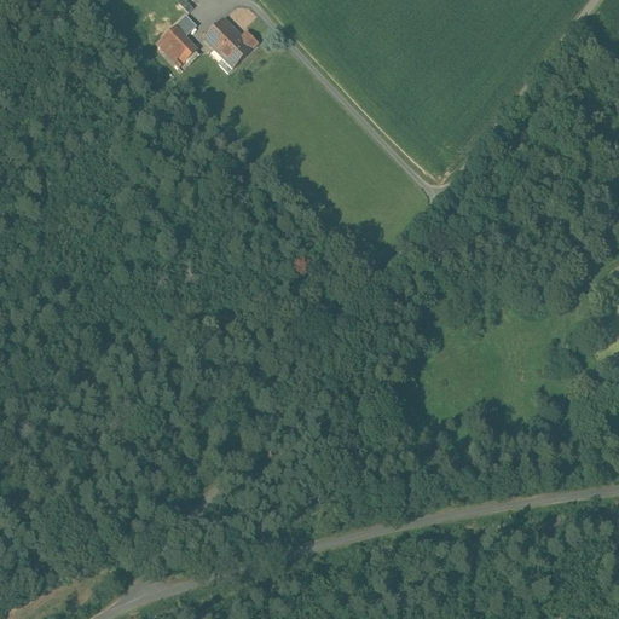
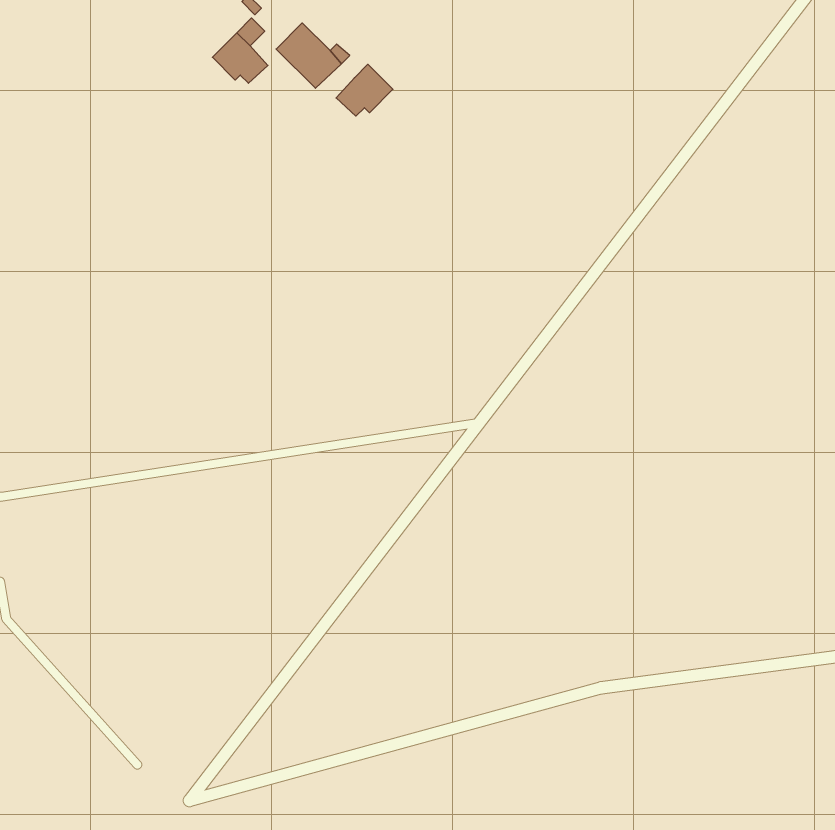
building: none -> [336,64,393,116]

